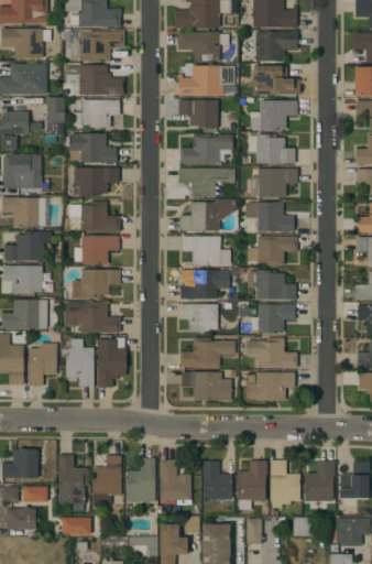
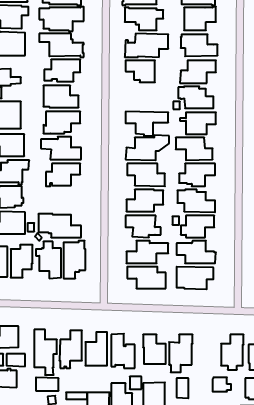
building: [45,97,65,132] -> none
building: [179,133,232,164] -> none
building: [72,269,120,299] -> none
building: [270,459,299,508] -> none

